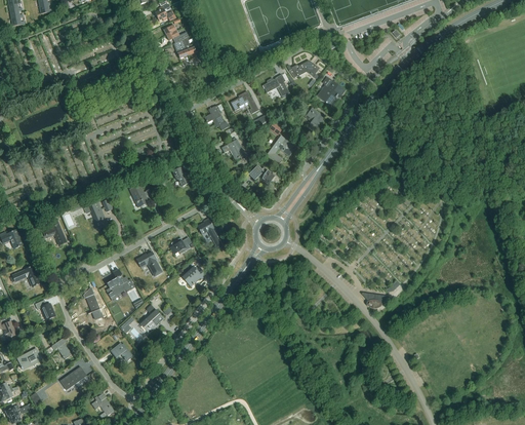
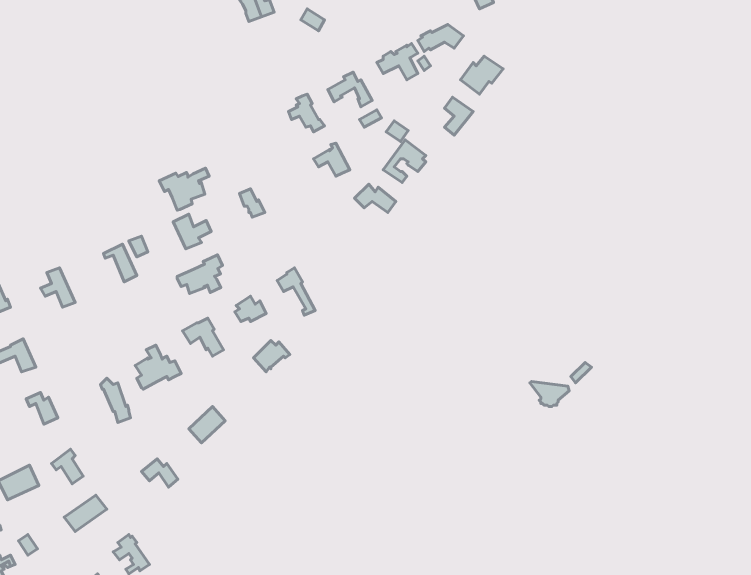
building: none -> [159,168,209,210]
building: none -> [177,255,223,294]

